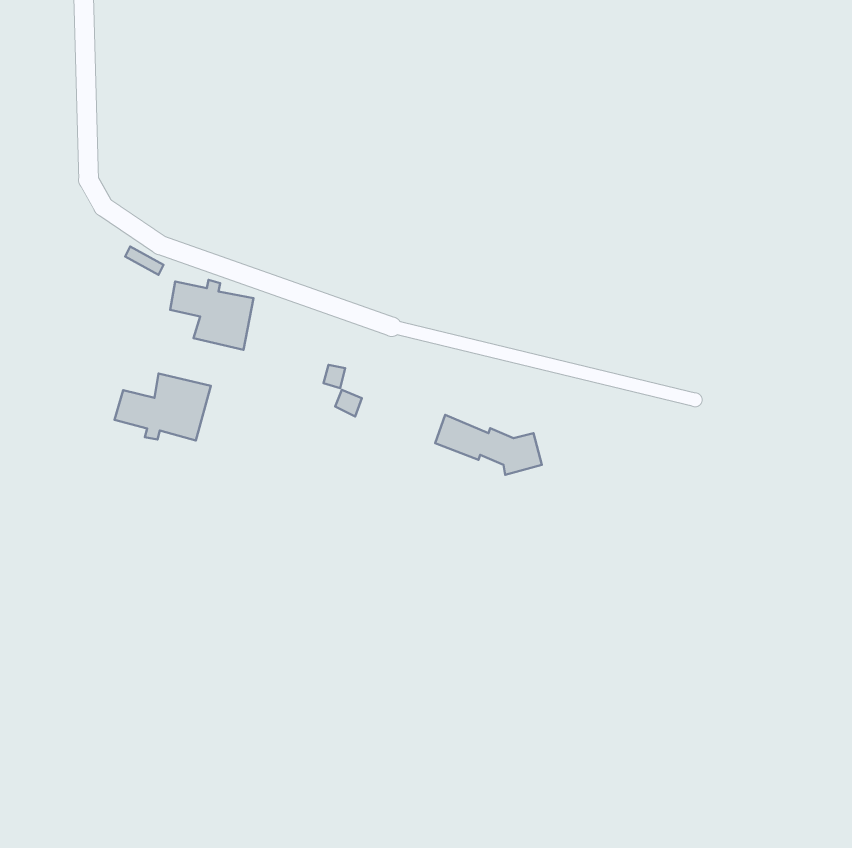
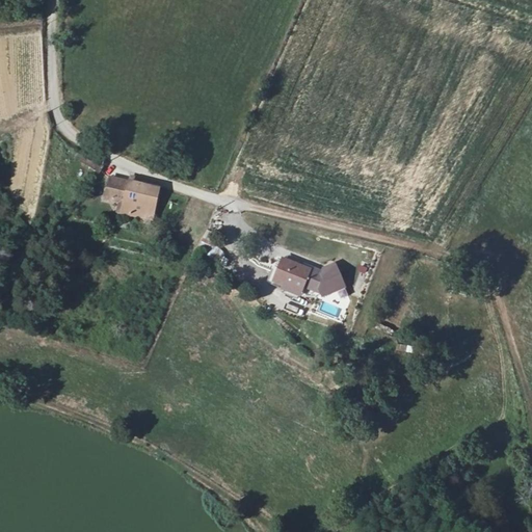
building: [114,374,211,441] -> none

